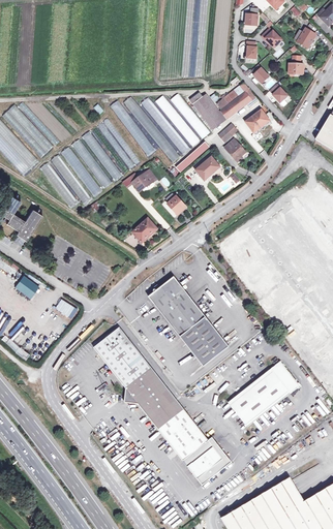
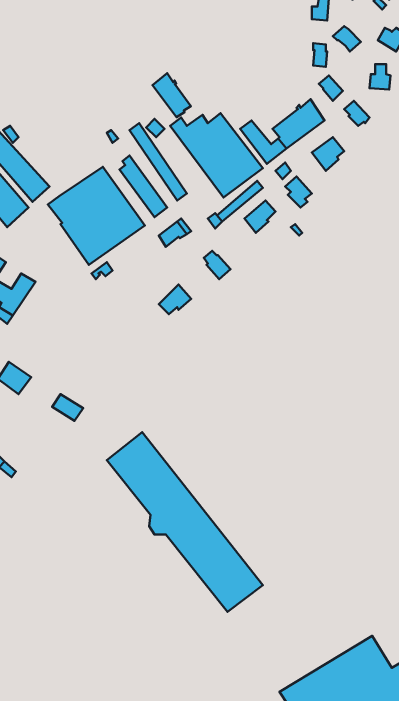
building: none -> [152,73,191,117]
building: [148,278,229,366] -> none
building: [229,362,301,427] -> none
building: [183,437,233,485] -> none

